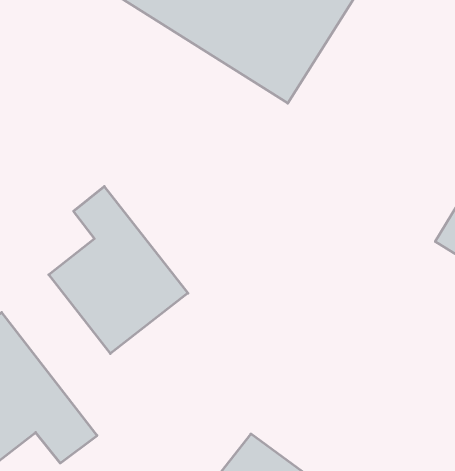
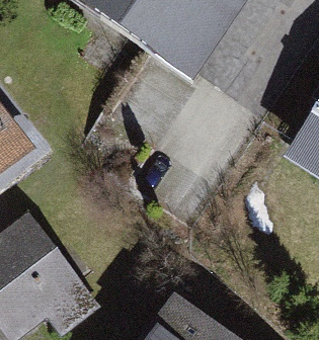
building: [49,186,188,354] -> none

